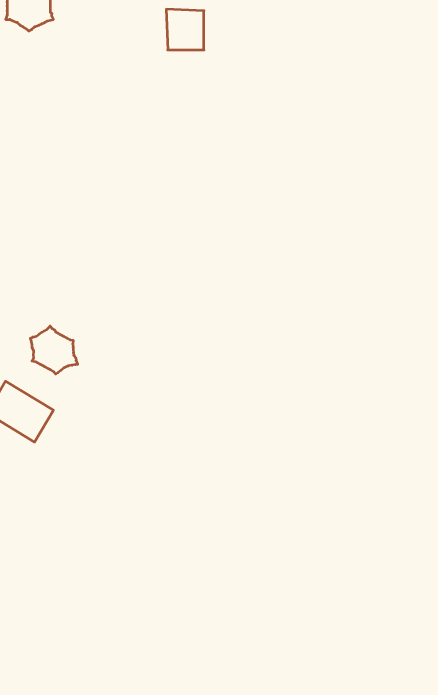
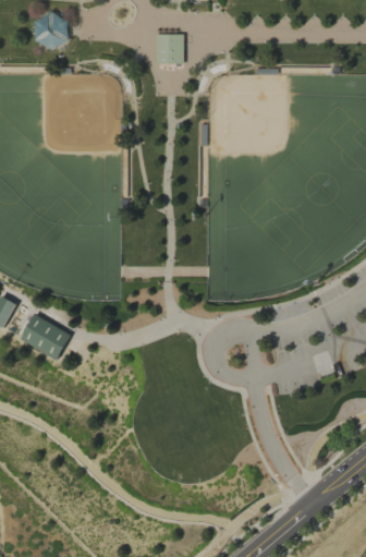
building: [30,326,78,374] -> none

